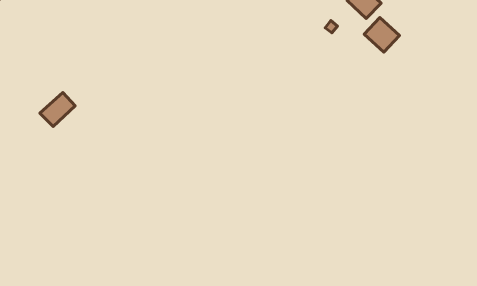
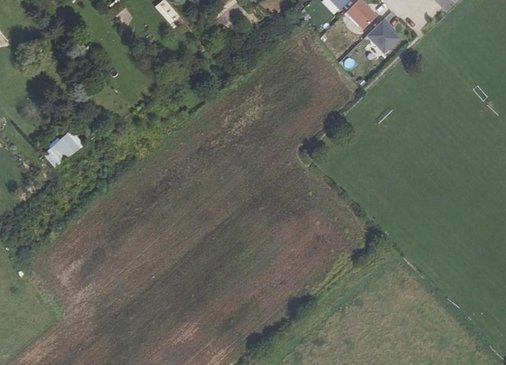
building: [364,18,400,52] -> none

